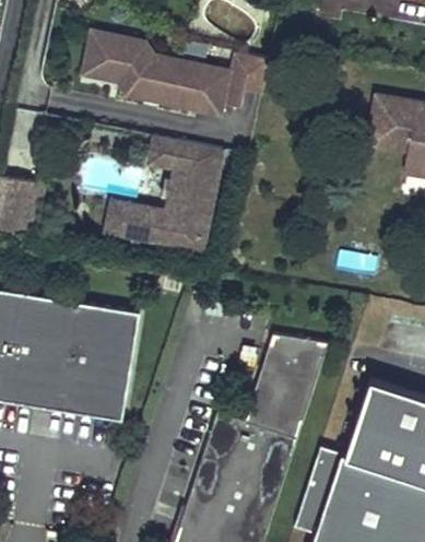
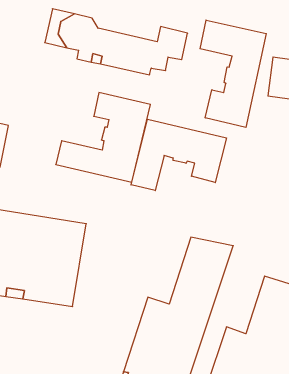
building: none -> [200,20,266,127]
building: none -> [131,119,226,191]

